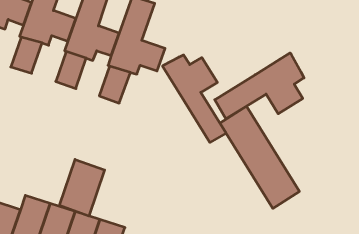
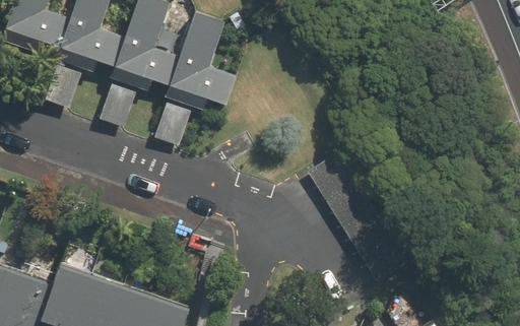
building: [215,53,304,119] -> none
building: [163,55,226,142] -> none
building: [59,159,105,216] -> none

